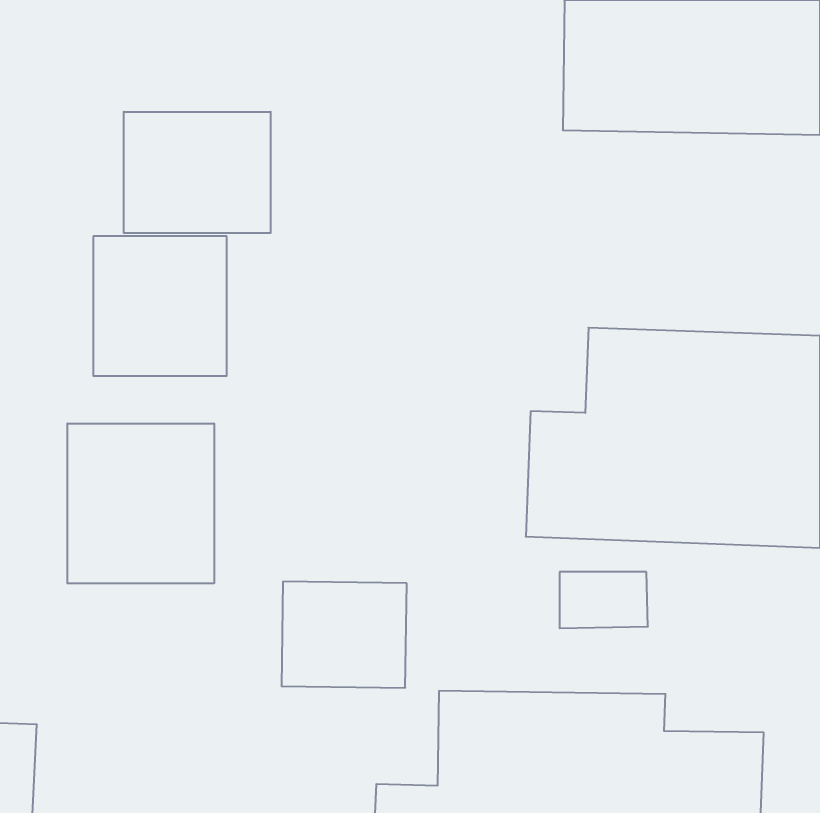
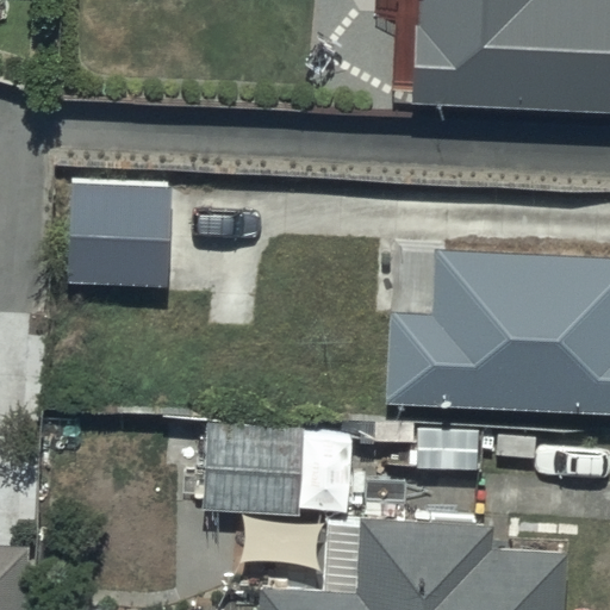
building: [124,112,271,233] -> none
building: [67,423,214,583] -> none

